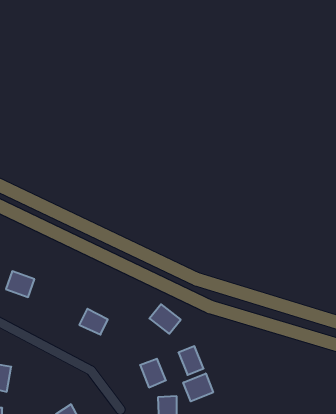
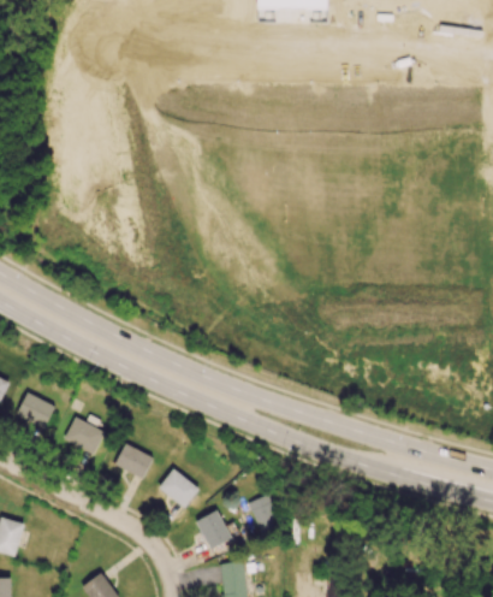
building: none -> [64,416,105,455]
building: [149,304,181,334] -> [158,468,200,508]
building: [183,373,213,401] -> none

